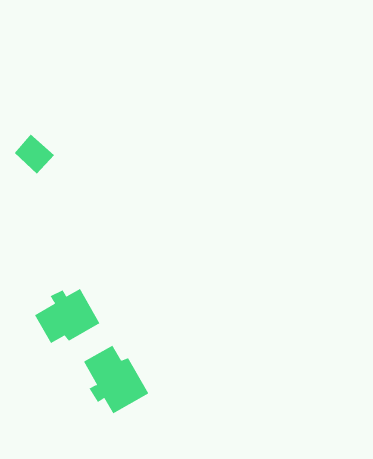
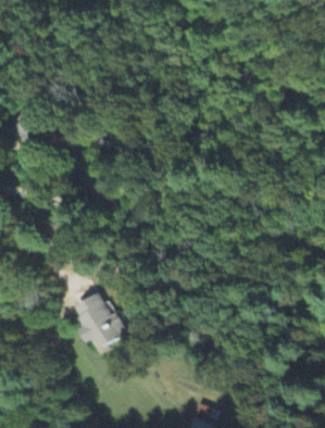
building: [34,288,100,344] -> none

